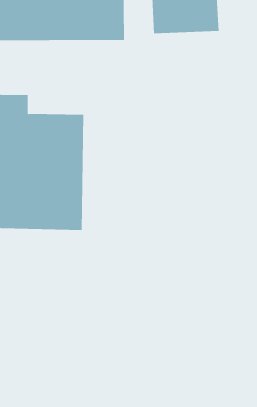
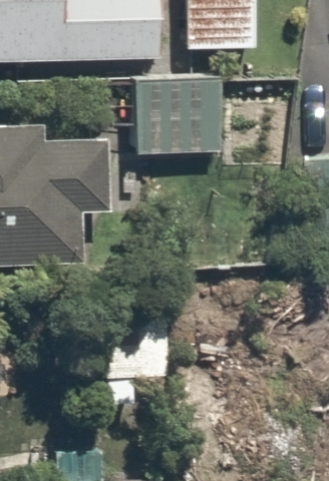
building: none -> [127,77,228,154]

